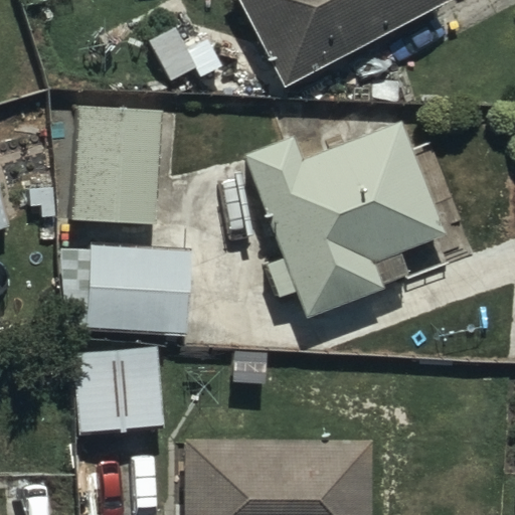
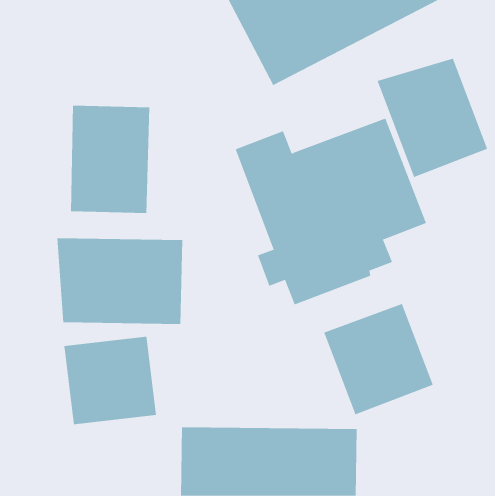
building: none -> [377,58,488,178]
building: none -> [324,303,433,415]

